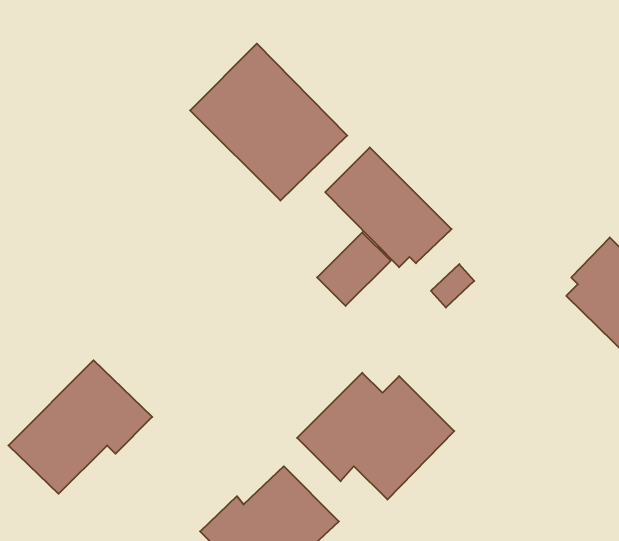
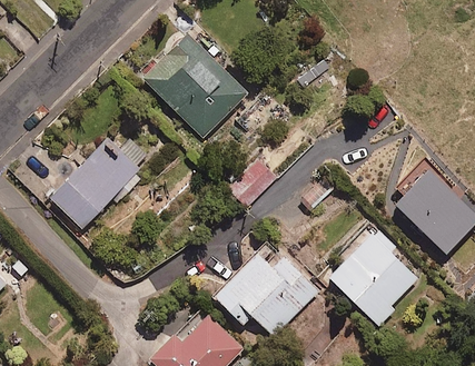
building: [325,147,452,267] -> none
building: none -> [327,227,417,326]
building: [8,360,152,494] -> [48,139,144,228]

